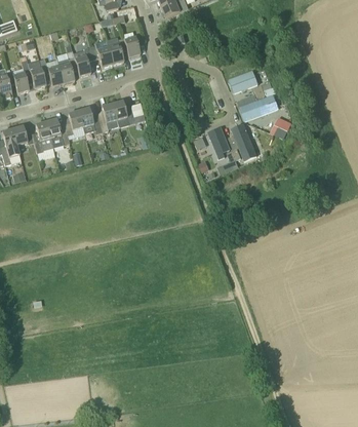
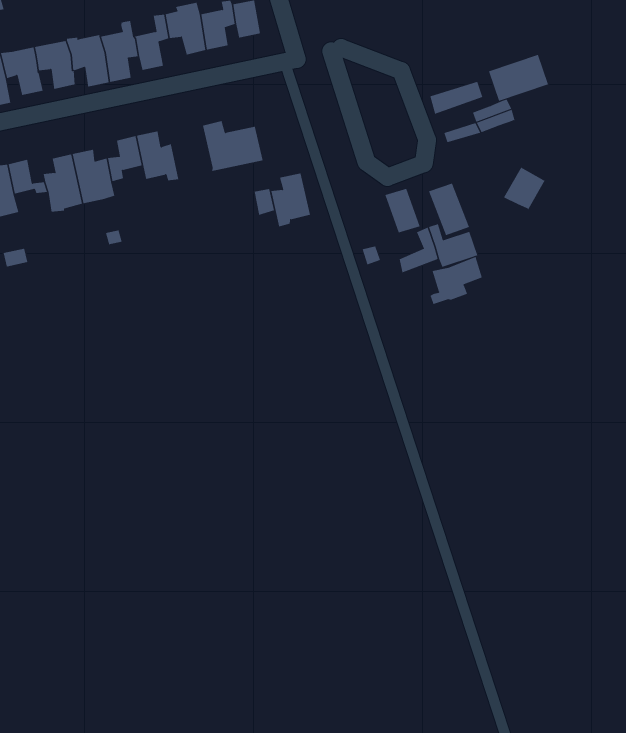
building: [238,98,270,123] -> [488,54,549,101]
building: [96,103,118,131] -> [270,173,311,227]
building: none -> [429,256,483,305]

